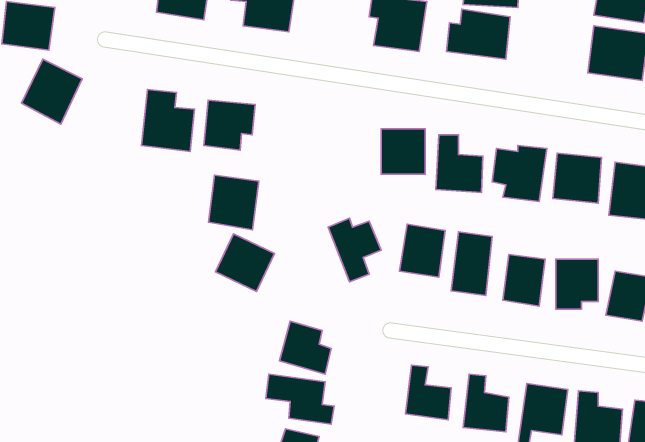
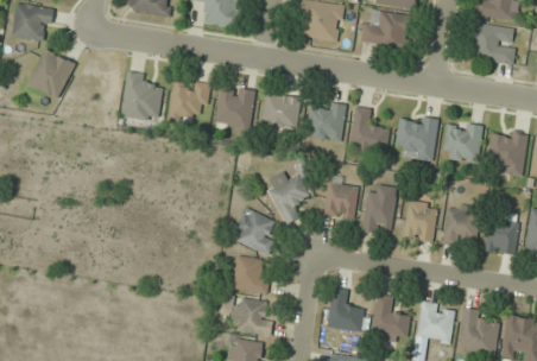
building: none -> [261,94,301,129]
building: [209,175,259,230] -> [215,87,254,129]
building: [215,234,275,291] -> [233,208,279,253]

